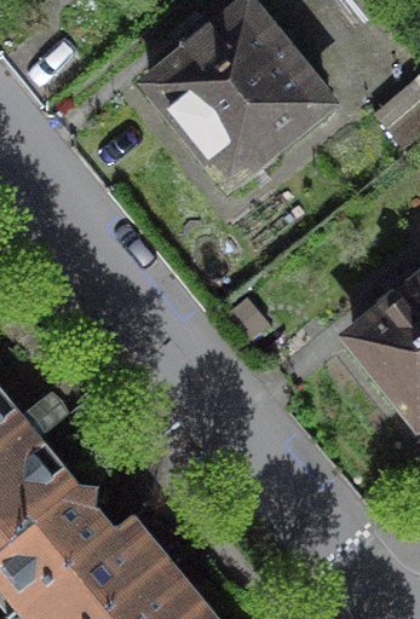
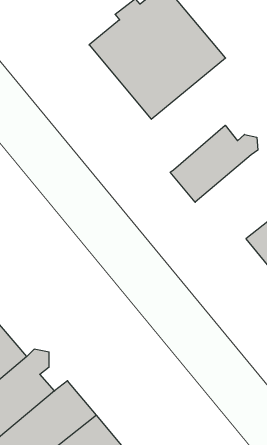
building: none -> [170,125,258,202]

